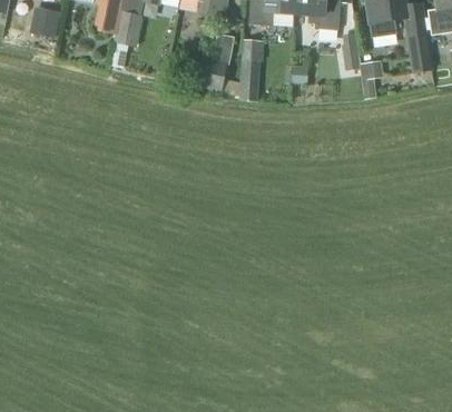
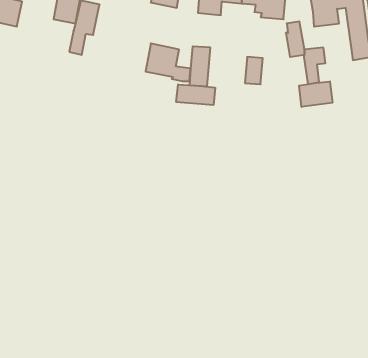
building: none -> [299,81,332,107]
building: none -> [176,84,215,105]

